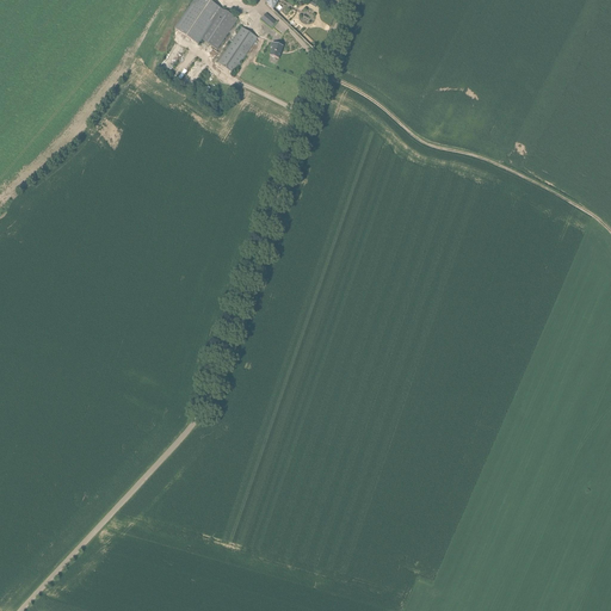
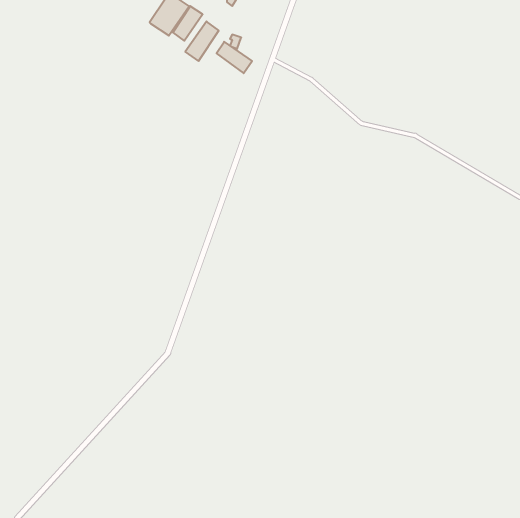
building: none -> [217,42,252,73]

